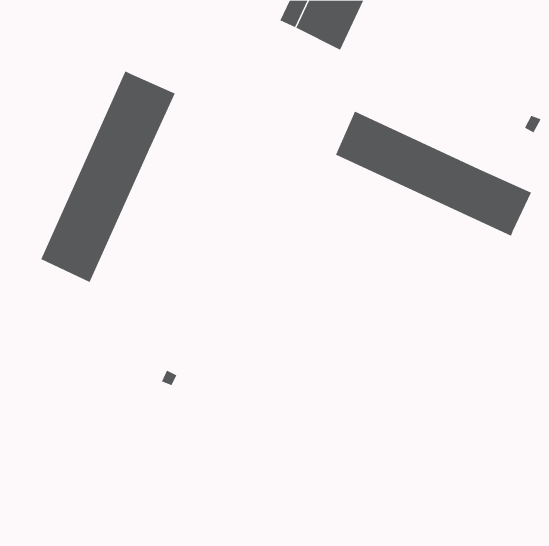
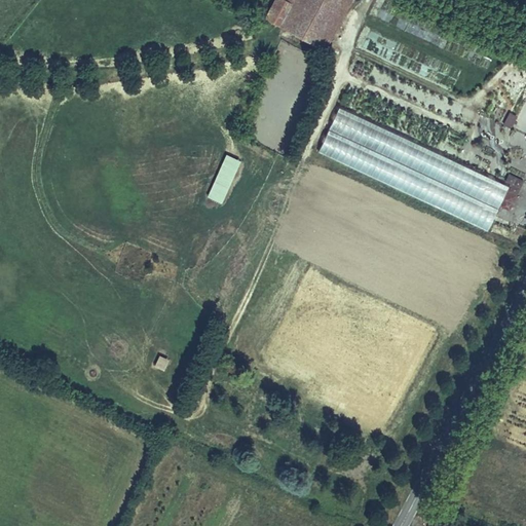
building: [41,71,176,283] -> none
building: none -> [206,154,241,204]

